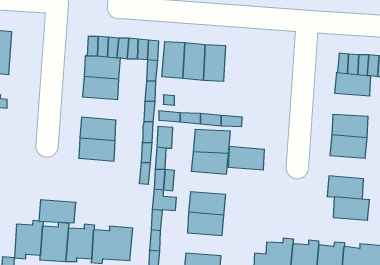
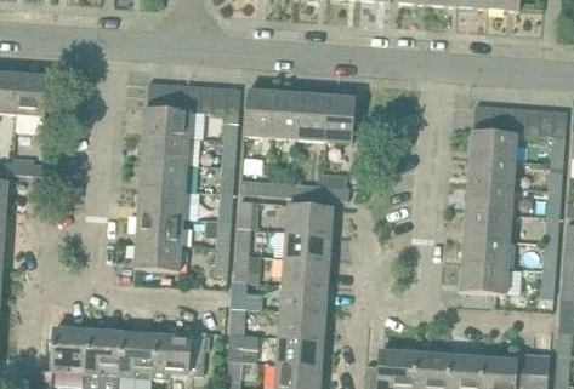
building: none -> [325,95,356,143]
building: none -> [467,156,516,187]
building: none -> [140,161,187,191]
building: [228,147,264,170] -> [282,258,329,288]
building: [333,197,370,220] -> [462,238,510,268]
building: [39,200,76,223] -> [133,241,182,271]
building: none -> [275,338,323,368]

